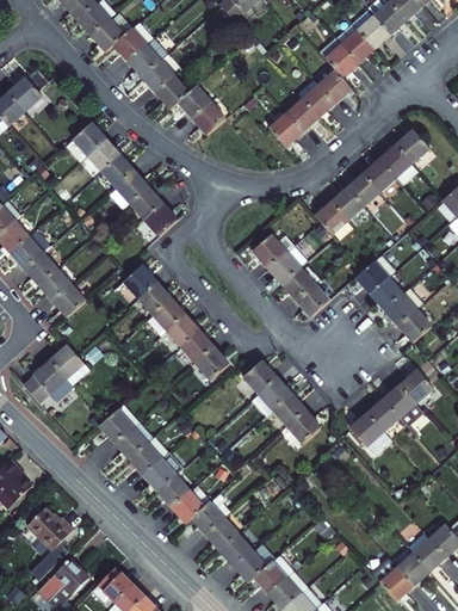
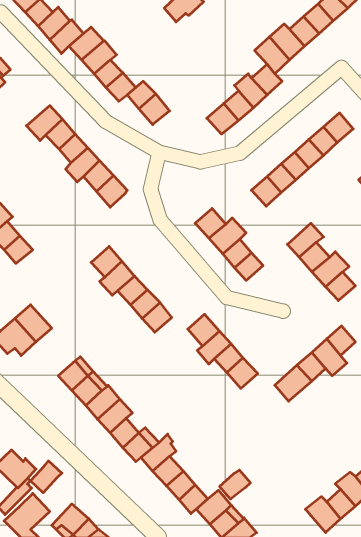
building: [120,263,155,296] -> none
building: [50,282,85,315] -> none
building: none -> [31,461,62,493]
building: none -> [220,470,250,499]

